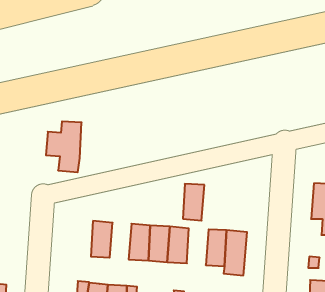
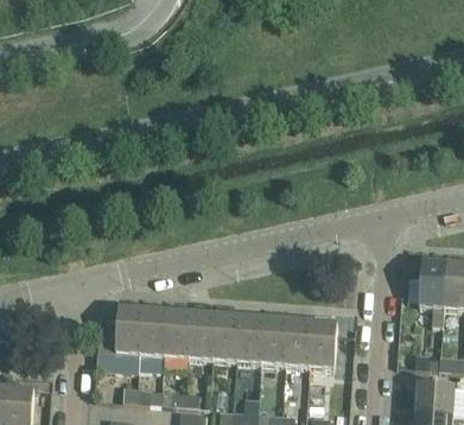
building: [46,121,82,172] -> [97,307,142,372]
building: [183,184,204,221] -> [261,318,288,364]
building: none -> [164,311,191,357]

